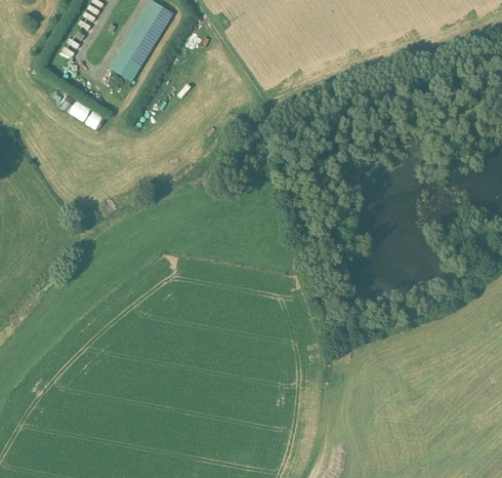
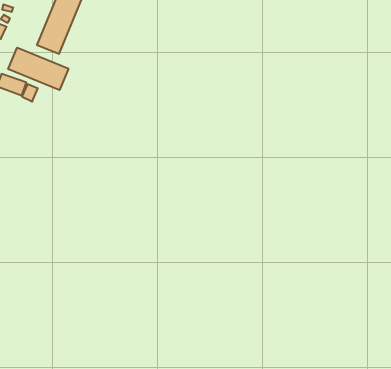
building: none -> [8,48,68,90]

